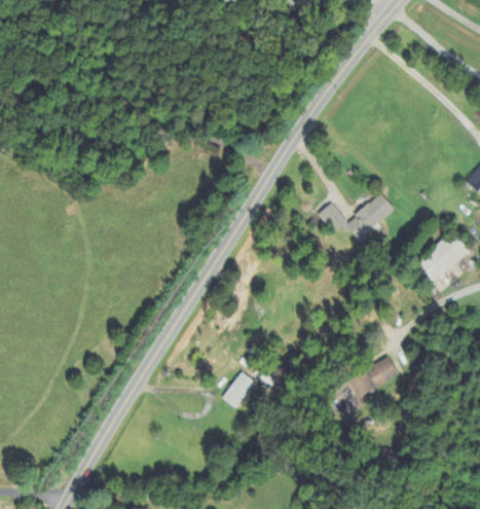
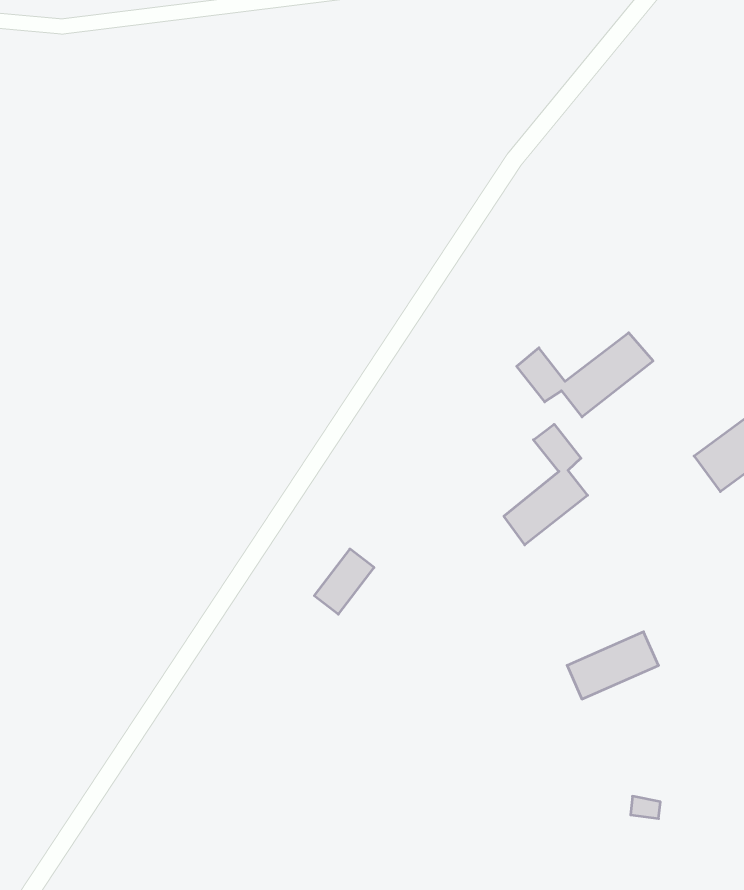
building: none -> [504,424,588,545]
building: [222,372,255,408] -> [314,549,374,614]

